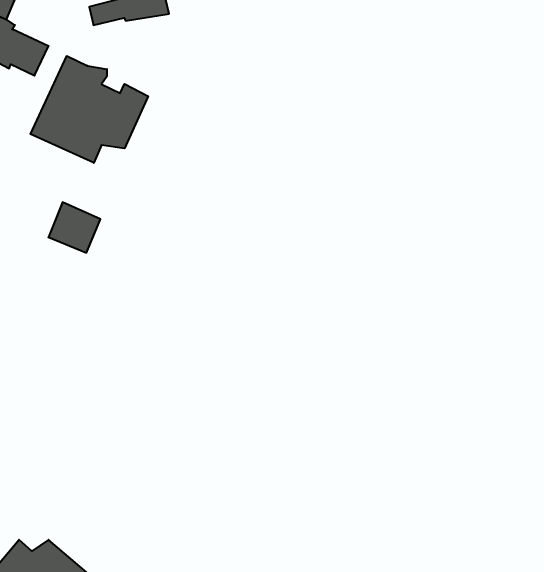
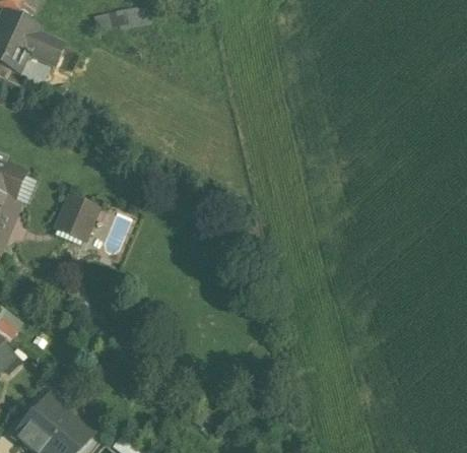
building: [30,56,148,163] -> none
building: [48,202,100,253] -> [59,198,96,235]

